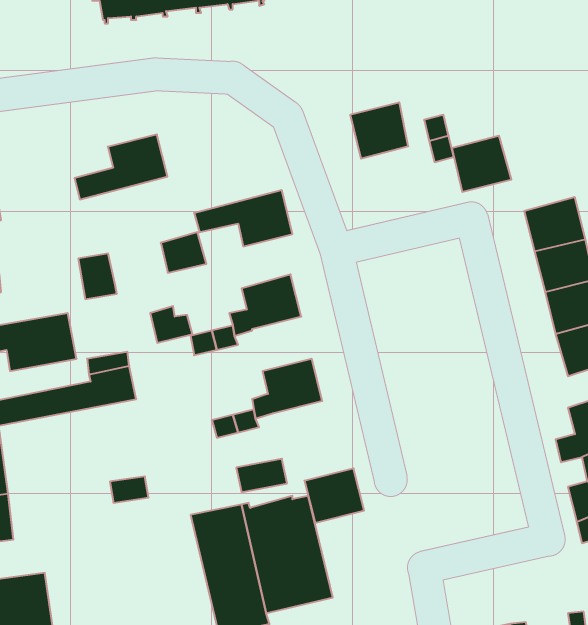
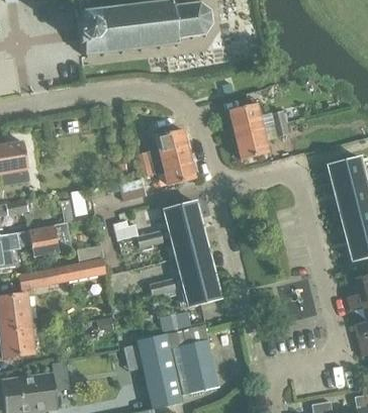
building: [74,134,167,199] -> [135,128,189,166]
building: [452,136,511,192] -> [235,127,269,160]
building: none -> [172,225,206,256]
building: [304,468,364,523] -> [184,274,218,305]

